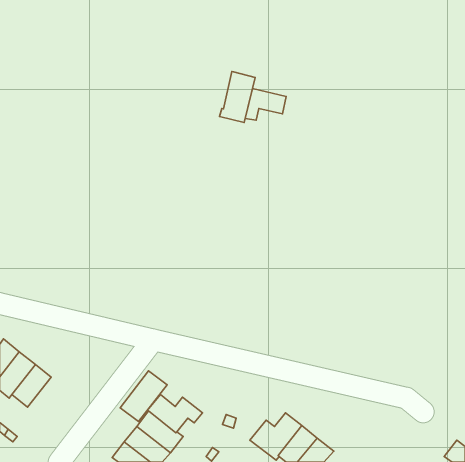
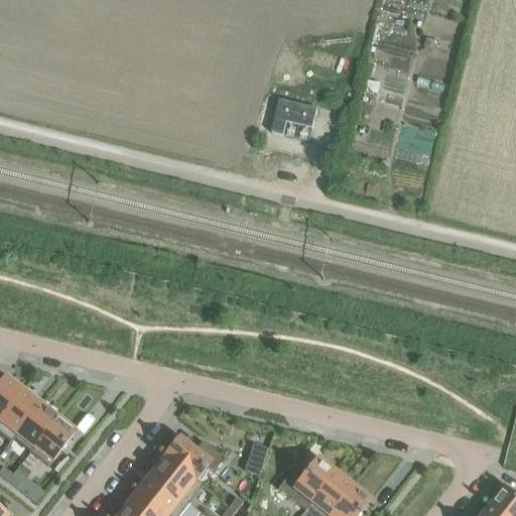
building: [220,72,255,123] -> none
building: [120,371,167,422] -> none
building: none -> [30,417,74,464]

